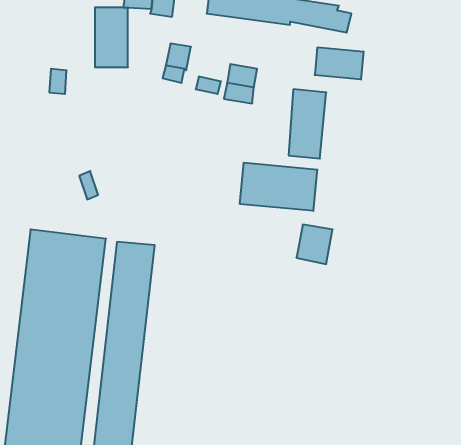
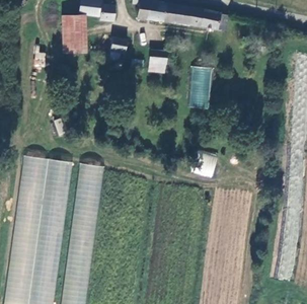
building: [315,47,364,80] -> none
building: [240,163,317,211] -> none

